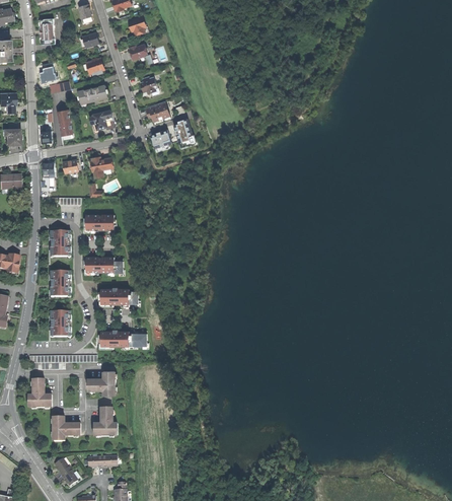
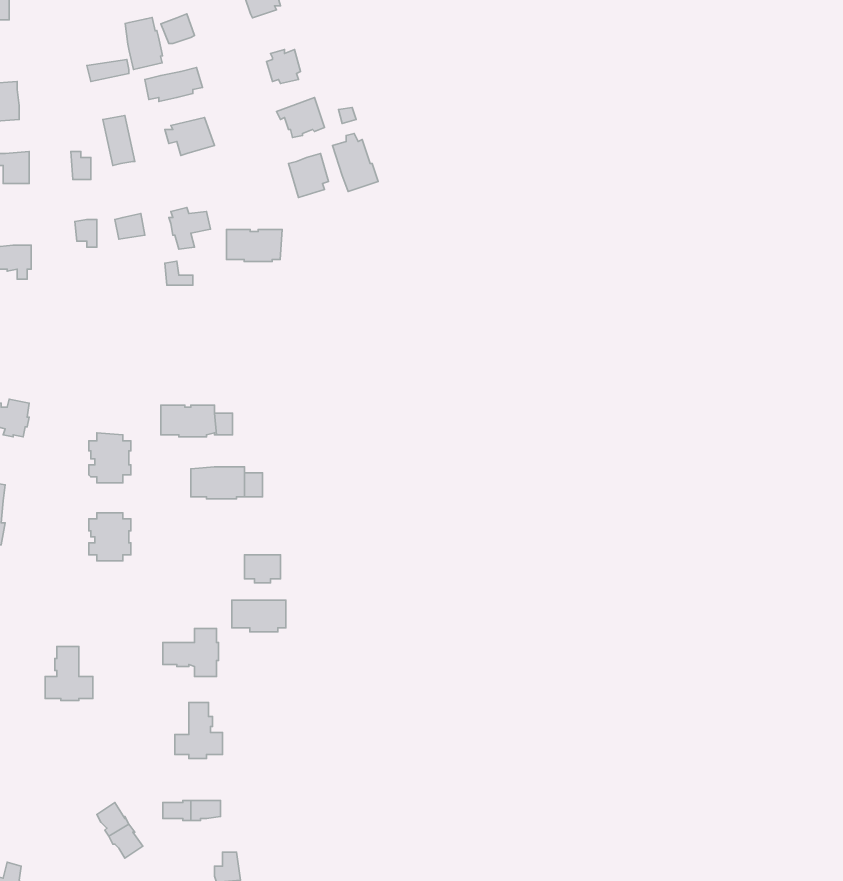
building: none -> [125,17,163,69]
building: [86,214,115,230] -> [226,229,282,261]
building: [50,231,71,256] -> none
building: [101,331,129,347] -> [232,600,286,632]
building: [52,417,80,440] -> none

